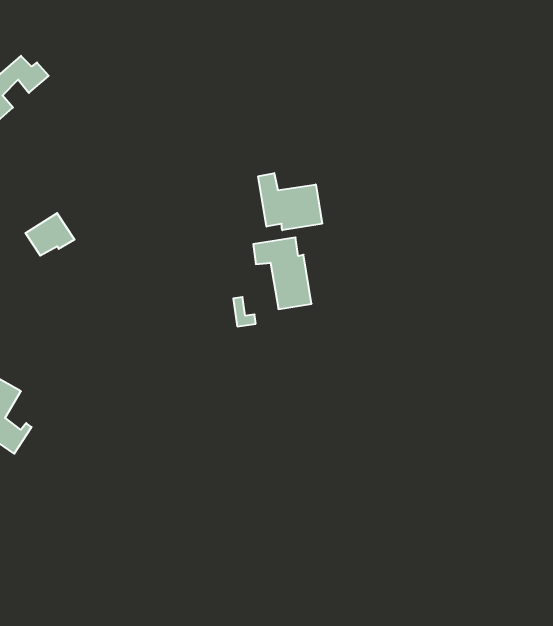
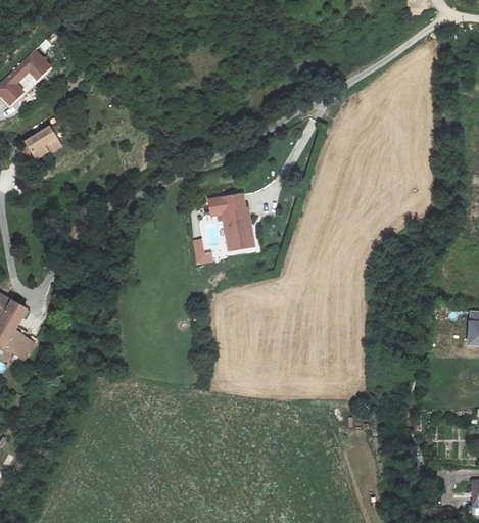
building: [258,173,322,230] -> none
building: [25,213,75,256] -> [23,125,61,157]

